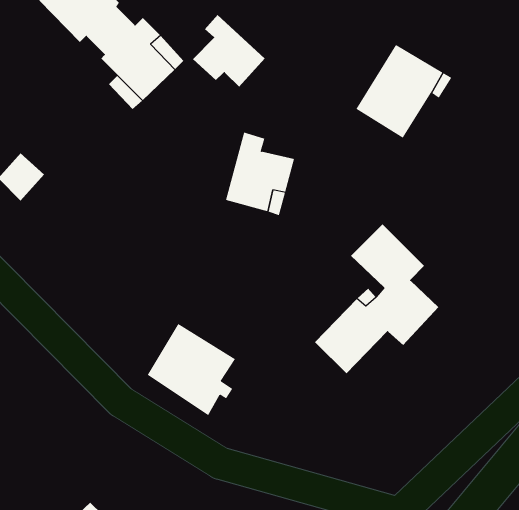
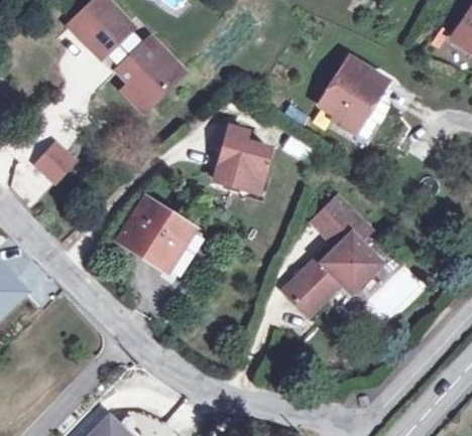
building: [192,14,265,87] -> none
building: [147,323,236,416] -> [122,199,192,272]

